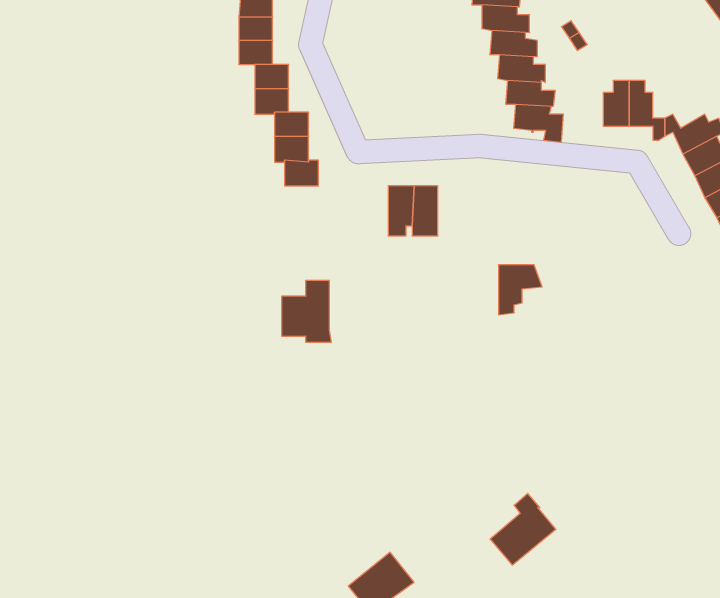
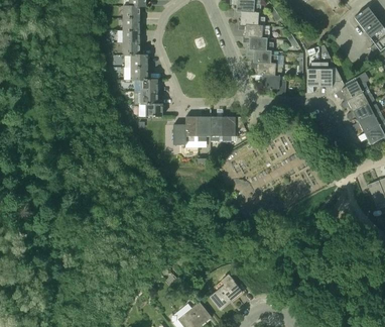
building: [498,265,542,315] -> [223,116,245,141]
building: [282,280,331,342] -> [173,116,199,147]
building: [490,493,556,565] -> [209,274,242,310]

